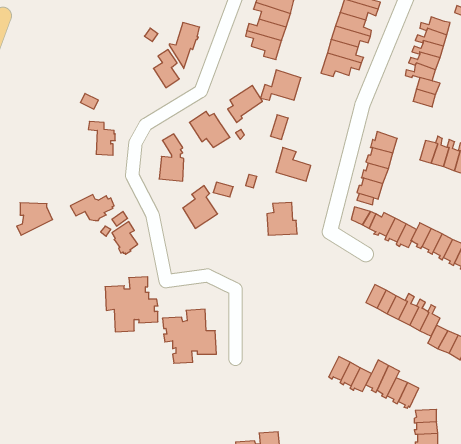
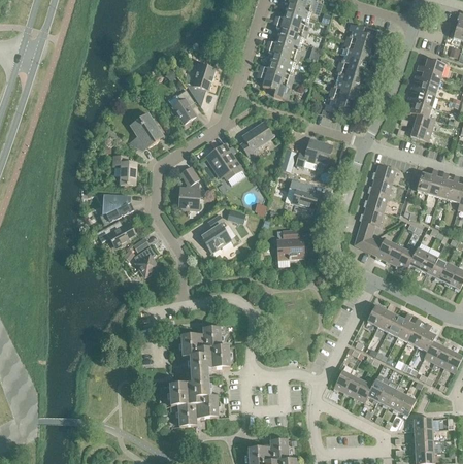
building: [260,70,301,100] -> [295,137,332,165]
building: none -> [128,111,164,150]
building: [17,203,53,235] -> [100,193,133,223]
building: [105,277,158,332] -> [169,374,218,425]

